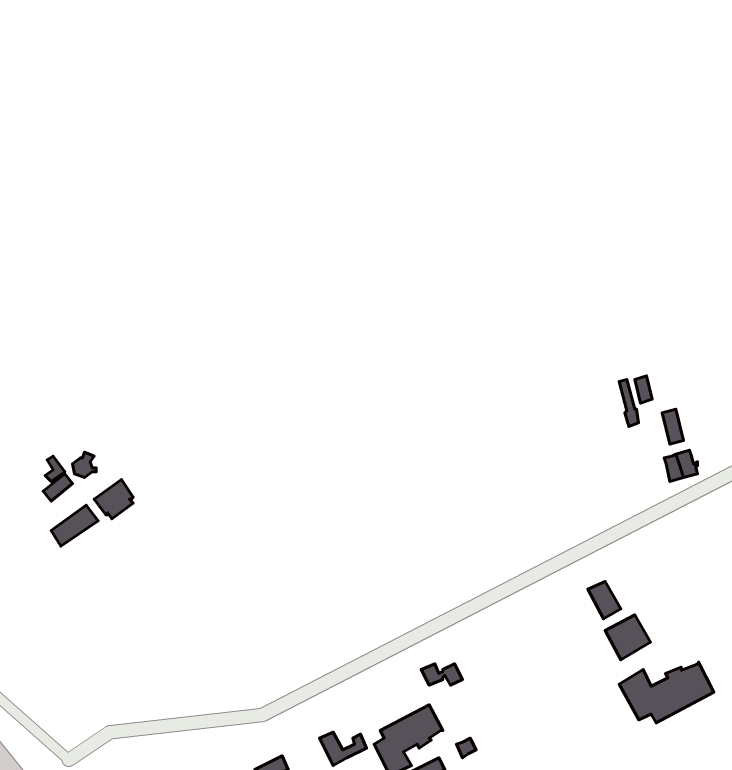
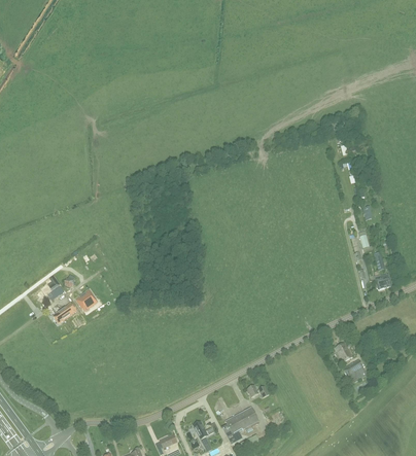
building: [619,662,714,723] -> none

